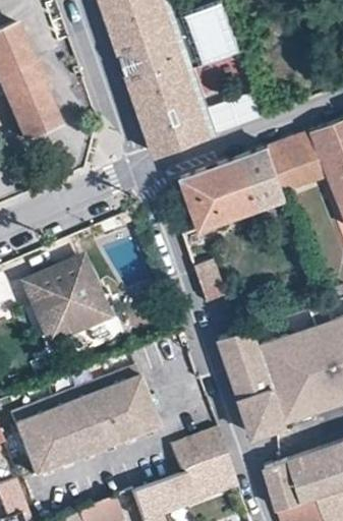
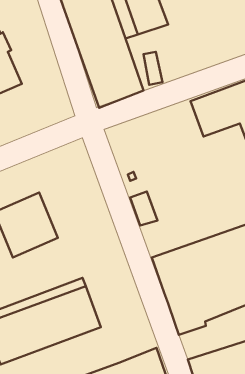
building: [181,149,285,231] -> none
building: [168,428,225,472] -> none

